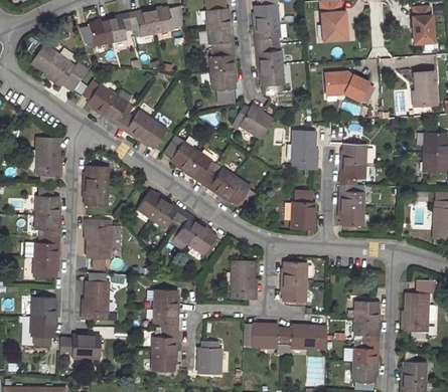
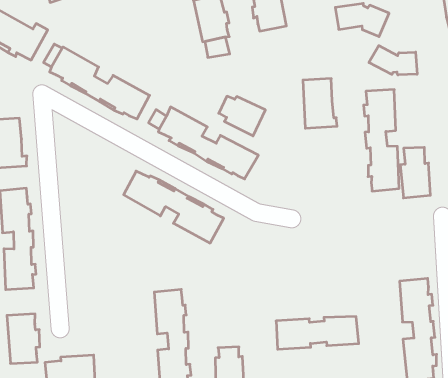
building: [236,105,274,139] -> [219,96,265,136]
building: none -> [369,46,417,75]
building: [83,166,109,206] -> none
building: [292,189,315,229] -> [400,147,430,198]
building: [85,218,112,258] -> none
building: [231,259,257,299] -> none
building: [281,261,307,302] -> none
building: [83,280,109,320] -> none

